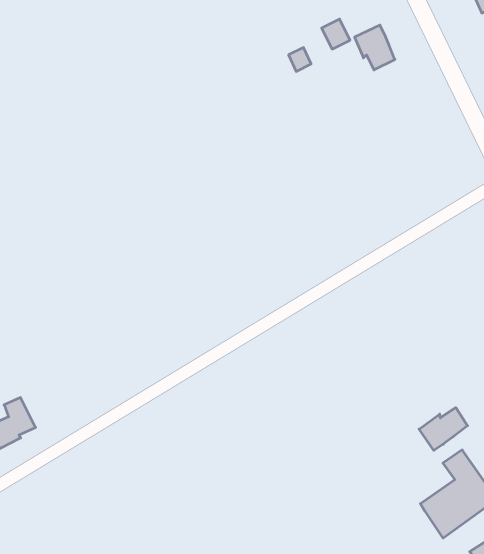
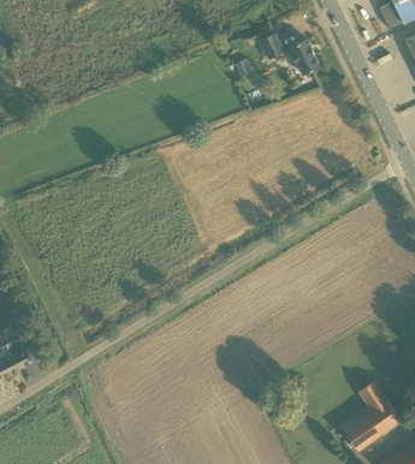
building: [419,408,468,450] -> none

